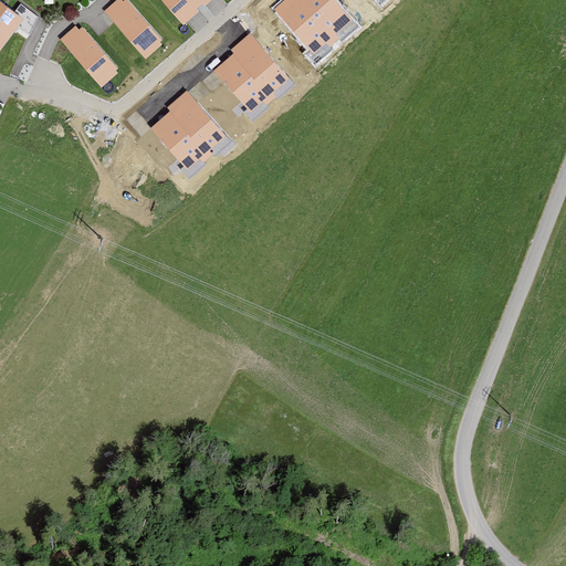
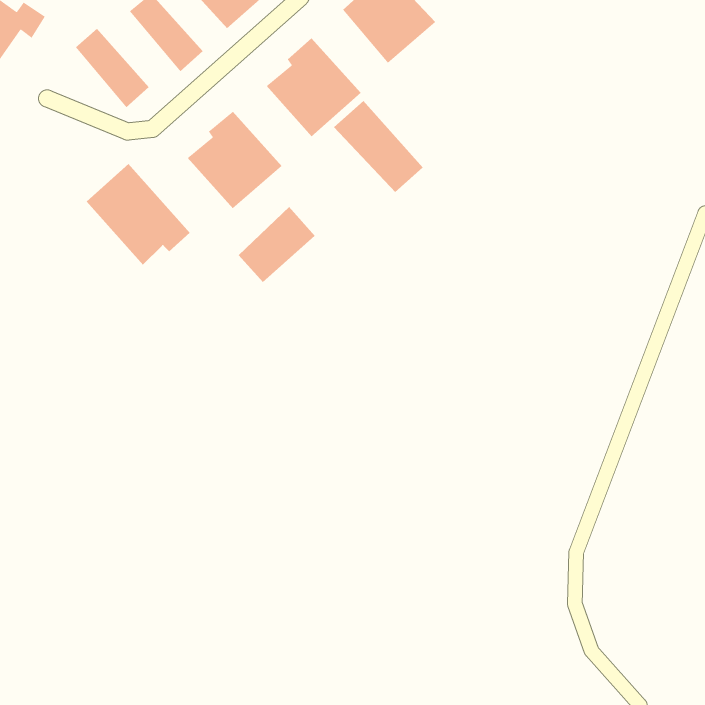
building: none -> [333,100,423,193]
building: none -> [86,163,190,266]
building: none -> [238,206,316,283]

